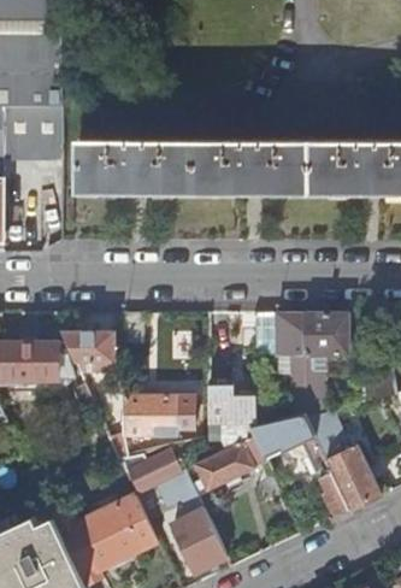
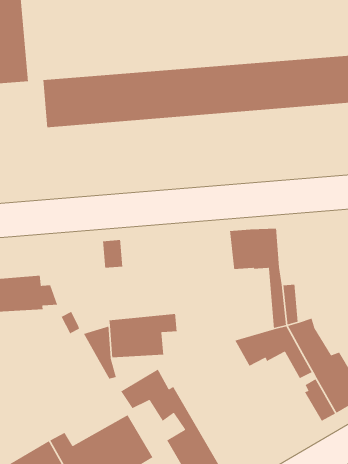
building: [305,314,349,355] -> none
building: [64,333,116,371] -> none
building: [197,384,267,489] -> none

